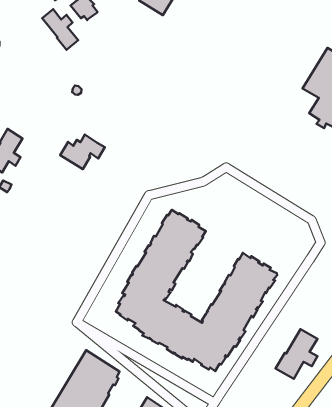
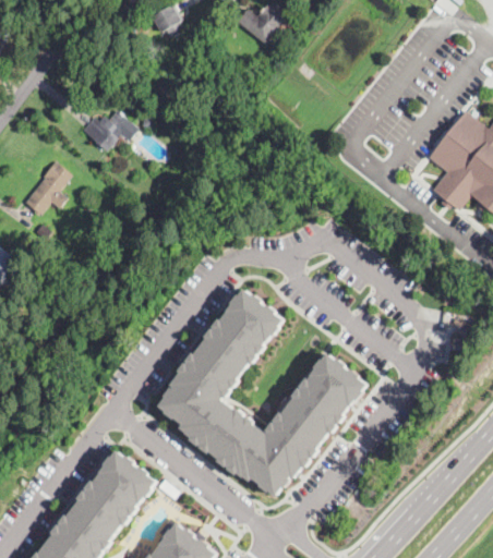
building: [42,9,78,50] -> none
building: [60,135,105,169] -> [80,111,136,154]
building: [276,329,318,379] -> none

